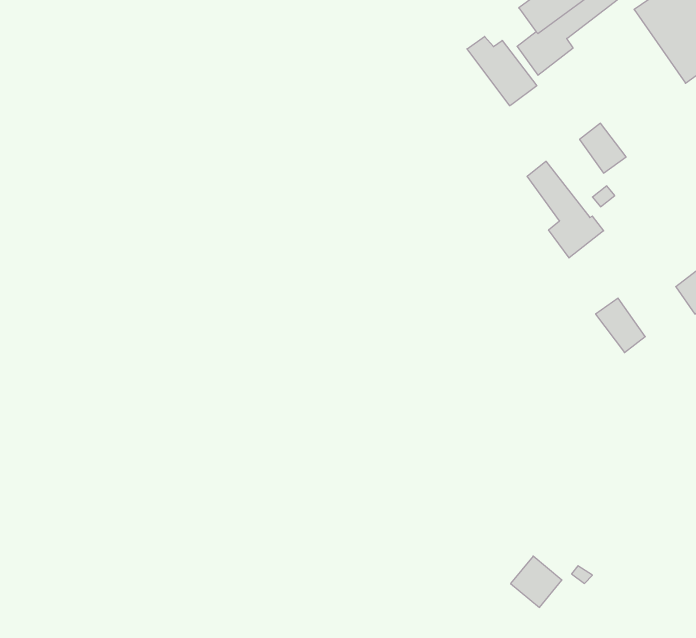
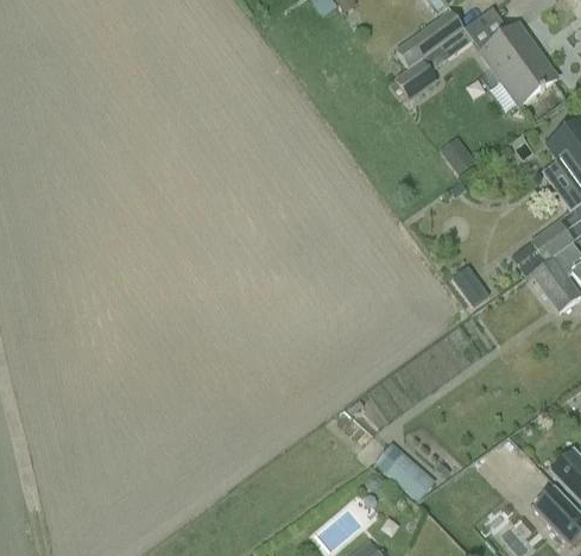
building: [467,36,537,106] -> none
building: [527,161,604,258] -> none

